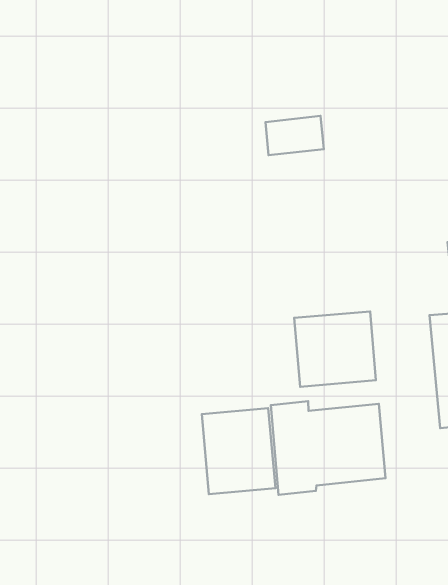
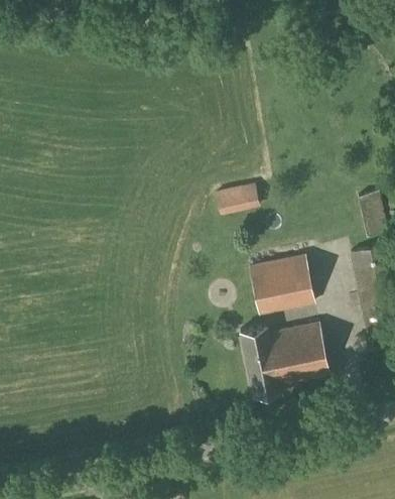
building: [265,116,324,155] -> [216,182,261,216]
building: [202,408,275,494] -> none

